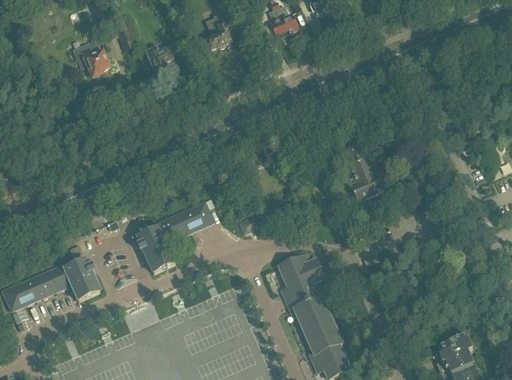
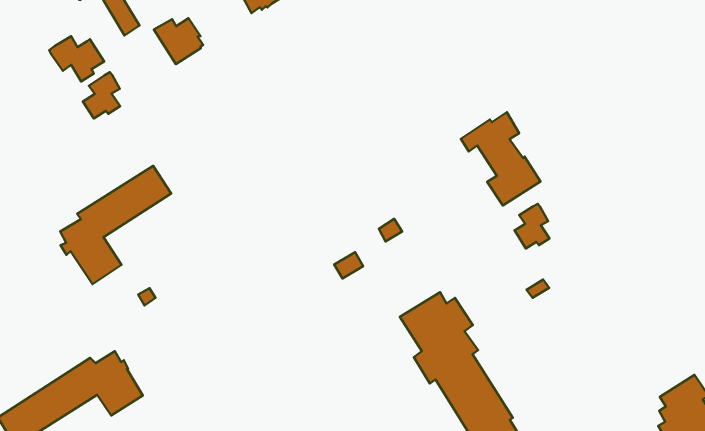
building: none -> [83,72,120,119]
building: [136,201,214,273] -> [60,166,171,284]
building: none -> [515,204,549,248]

